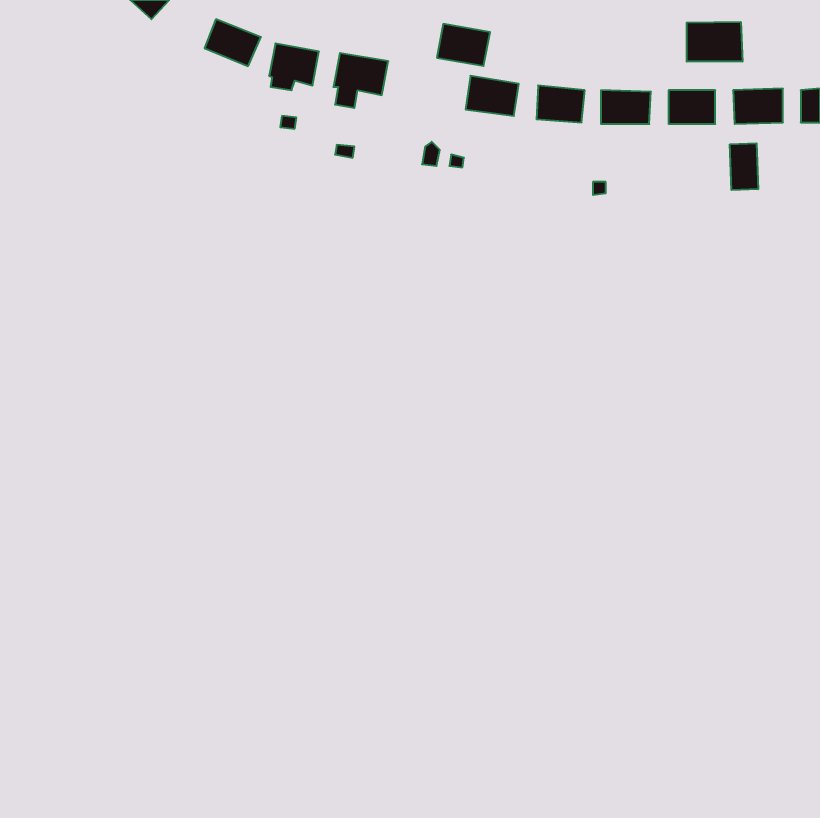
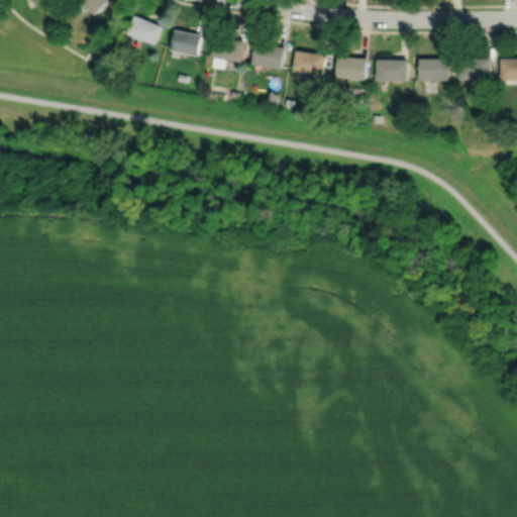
building: [687,22,742,62] -> none
building: [437,24,490,66] -> [250,43,284,70]
building: [730,143,758,190] -> none

